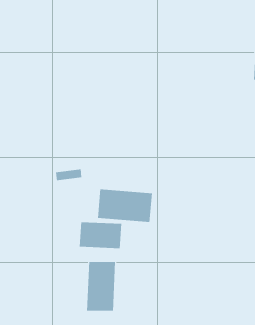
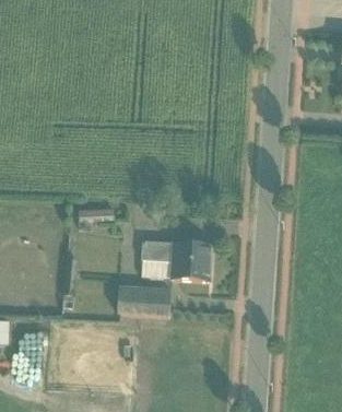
building: [87,261,115,312] -> none

